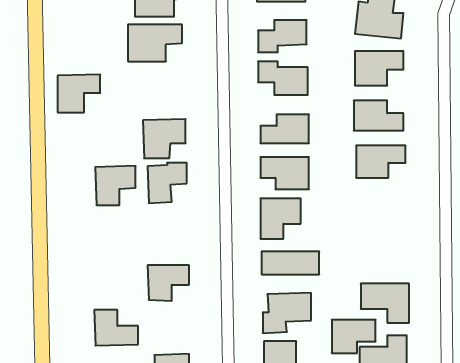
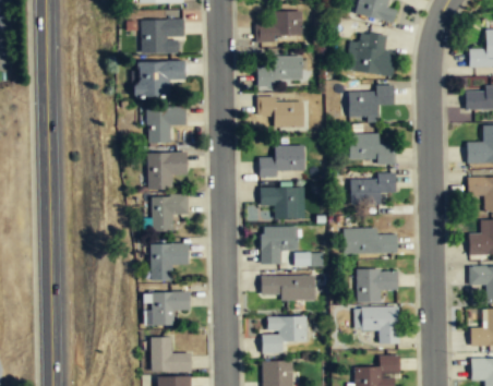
building: [58,75,100,112] -> [146,108,187,144]
building: [95,166,136,205] -> [152,242,190,279]
building: none -> [344,229,398,254]
building: [94,310,138,346] -> [152,336,193,370]
building: [332,320,376,353] -> [357,270,398,302]

